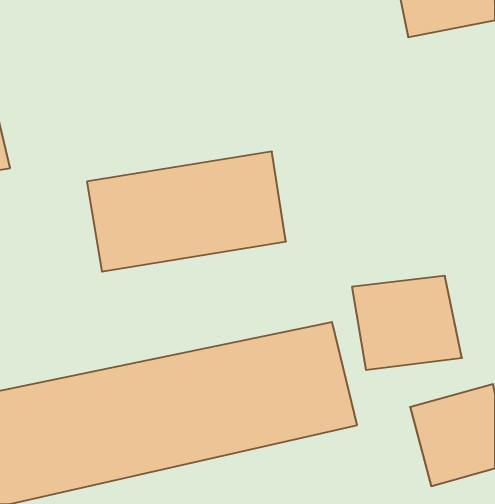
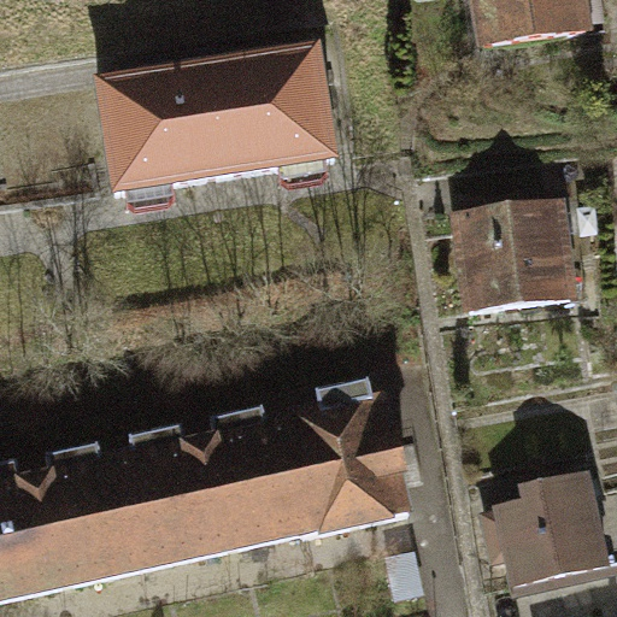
building: [87,152,286,272] -> [114,39,354,183]
building: [352,276,462,370] -> [449,193,582,306]

